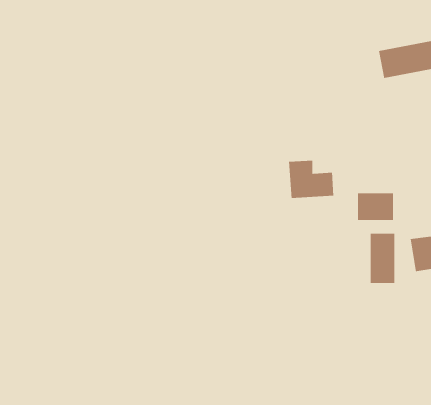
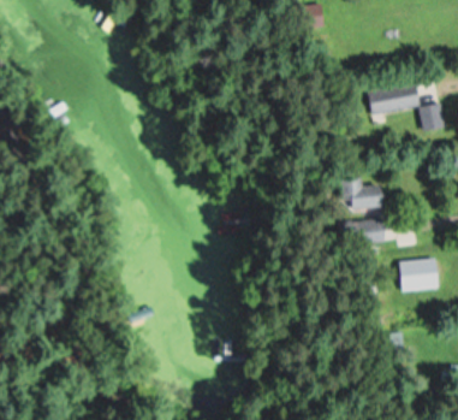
building: [288,160,334,198] -> [340,174,382,209]
building: [370,233,395,284] -> none

